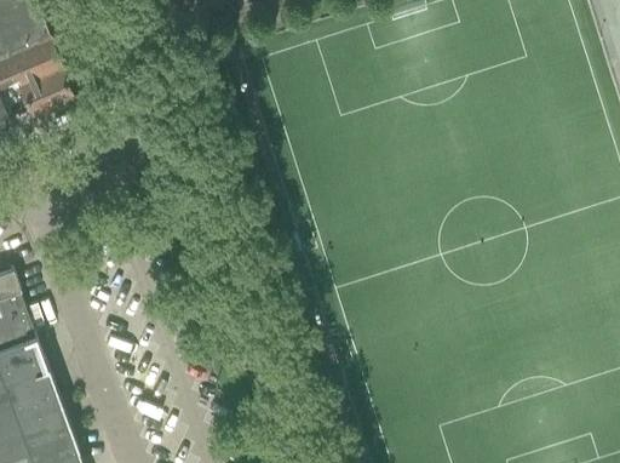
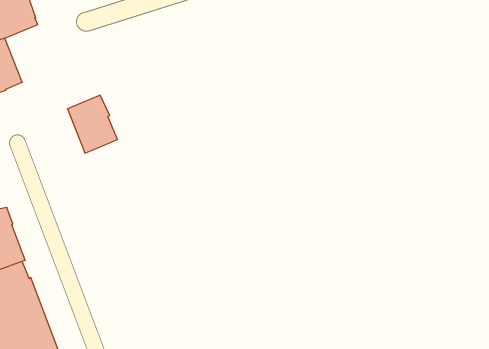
building: [7,36,70,109] -> [67,95,118,153]

